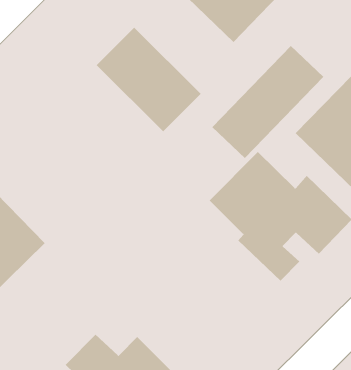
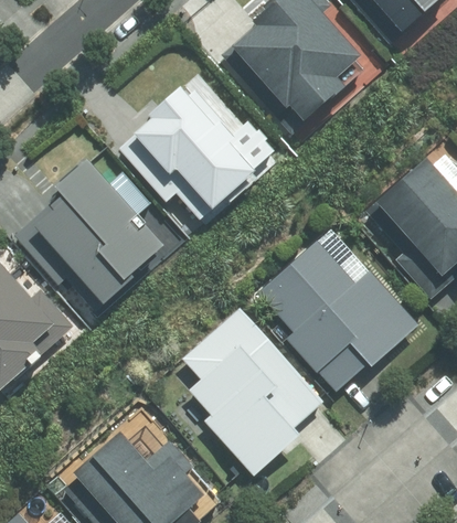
building: [211,45,324,159] -> none
building: none -> [25,163,166,303]
building: none -> [191,313,311,476]

